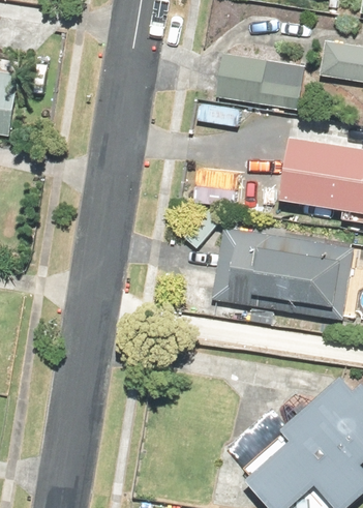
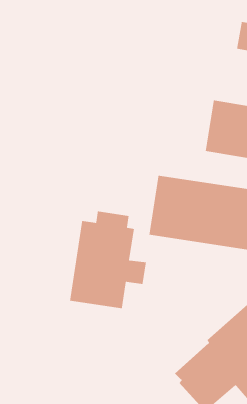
building: [214,55,302,111] -> none
building: none -> [69,211,147,309]

